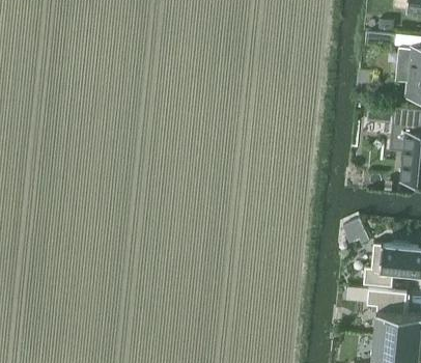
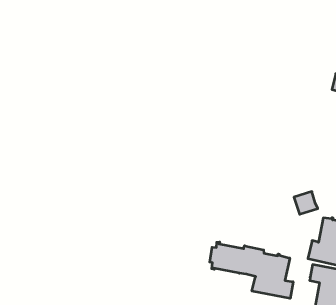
building: none -> [210,242,293,298]

